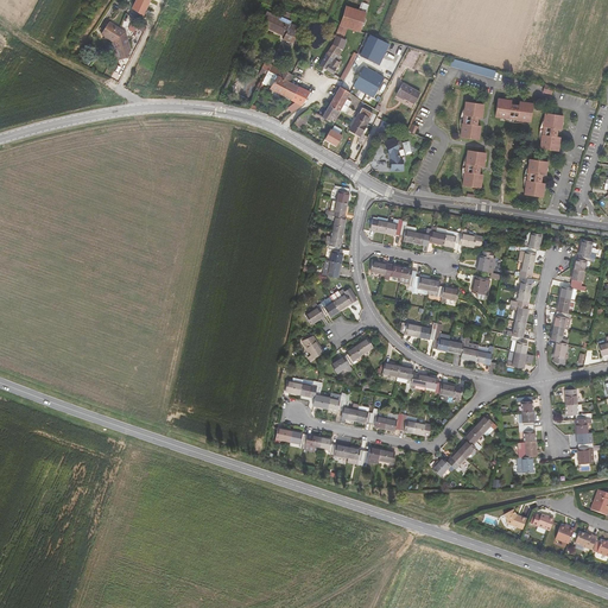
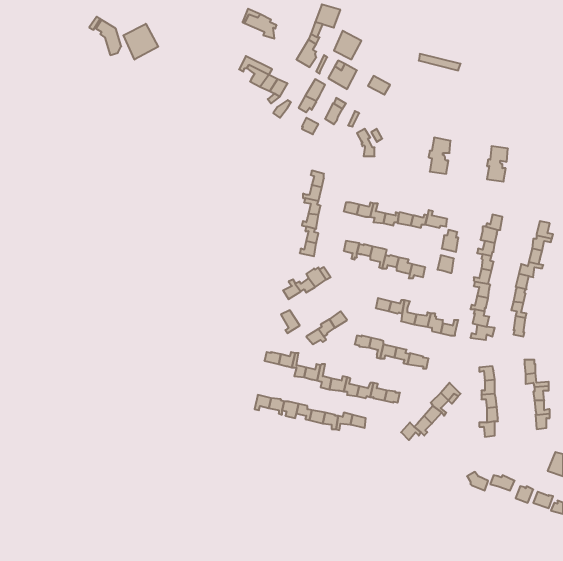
building: none -> [123,24,158,60]
building: [495,97,533,121] -> none
building: [461,101,484,139] -> none
building: [539,112,563,150] -> none

